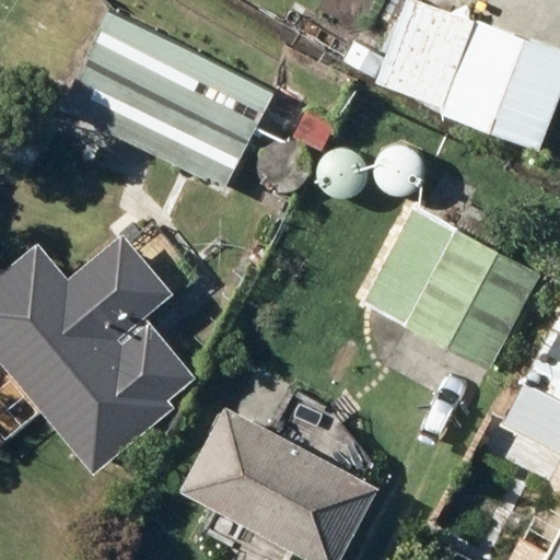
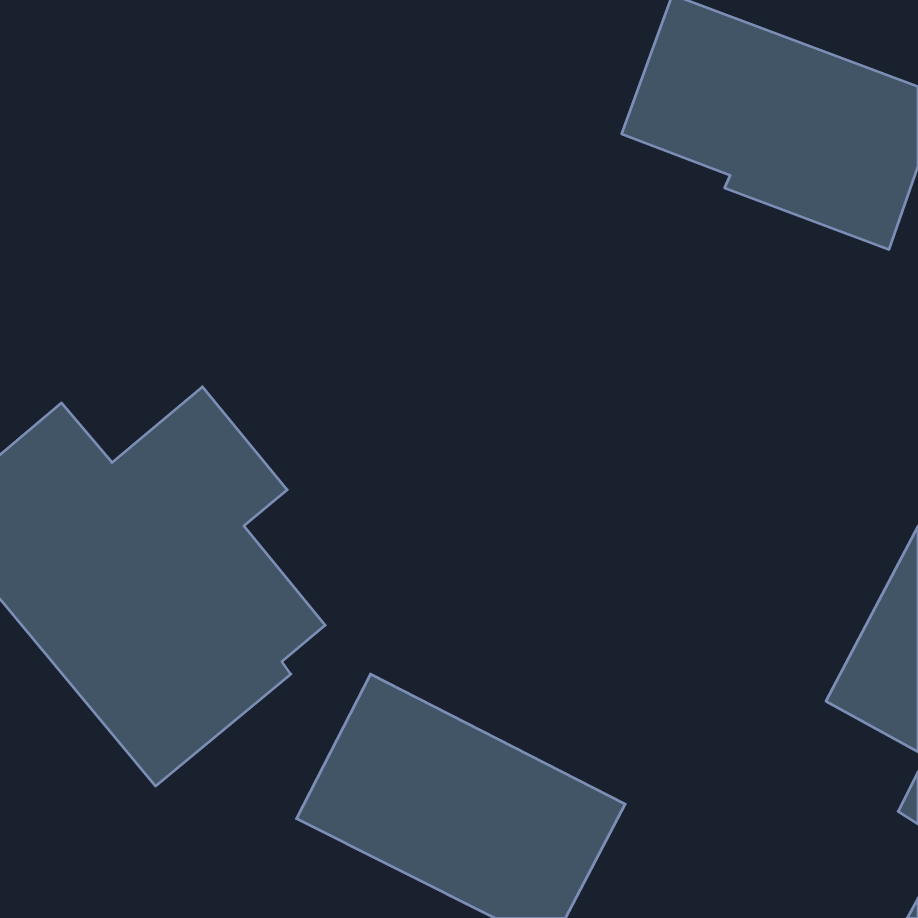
building: [59,11,272,189] -> none
building: [366,167,542,372] -> none

